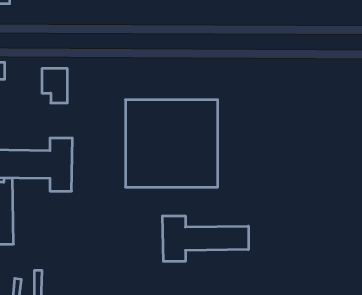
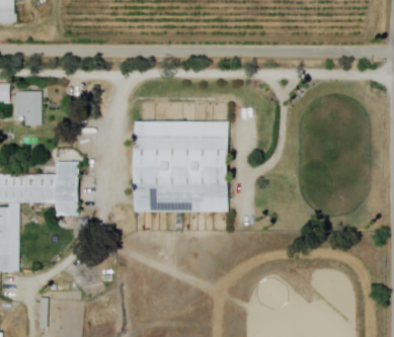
building: [42,69,67,103] -> [14,90,41,125]
building: [162,216,248,261] -> none

